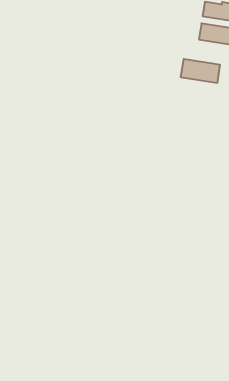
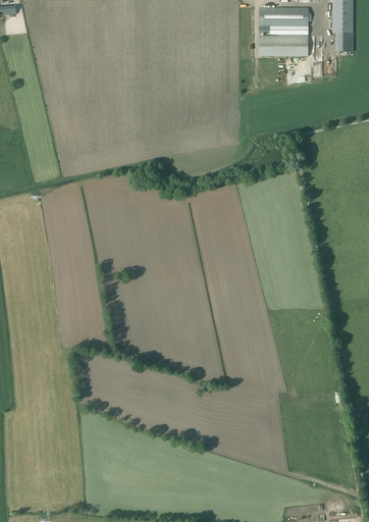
building: [181,59,220,83] -> none

